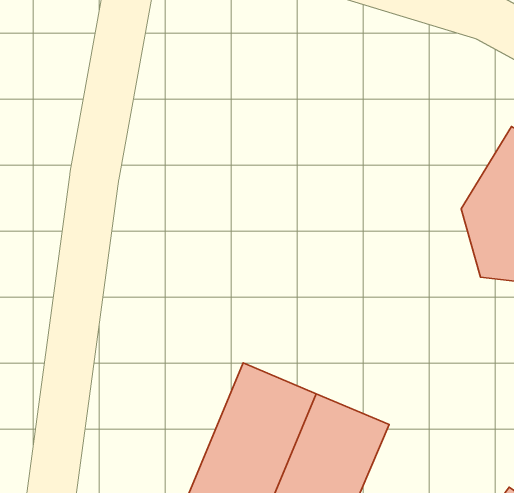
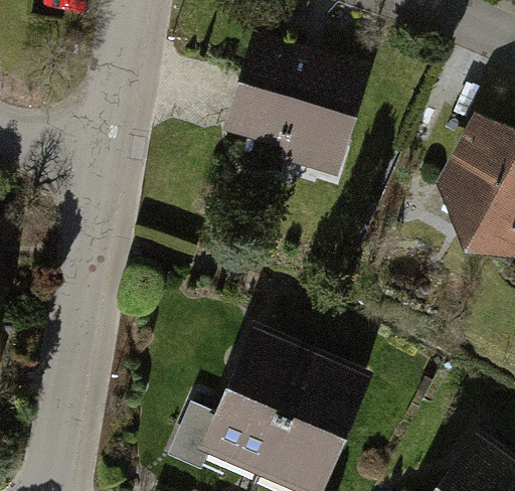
building: none -> [228,46,368,179]

